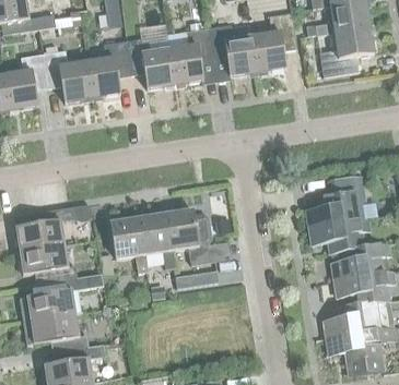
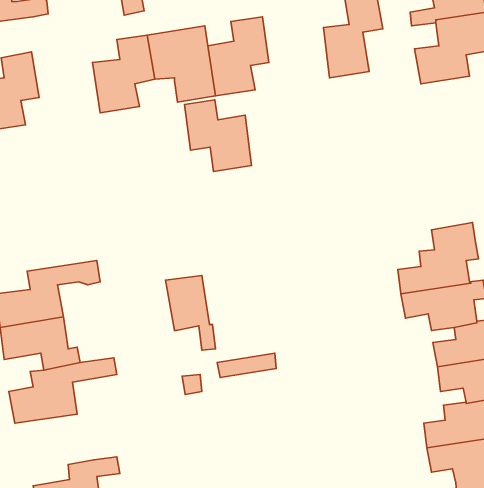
building: [209,26,257,77] -> [184,100,251,171]
building: [43,51,92,103] -> none
building: [165,210,212,265] -> none
building: [110,218,149,282] -> none
building: [31,314,87,351] -> none

